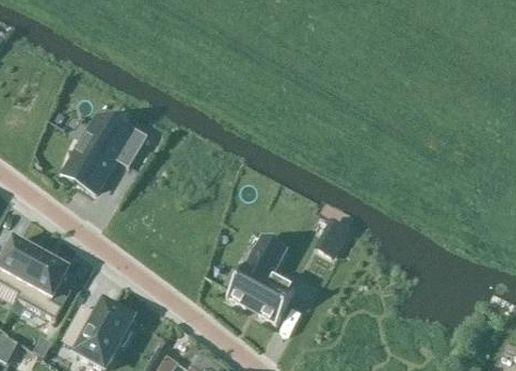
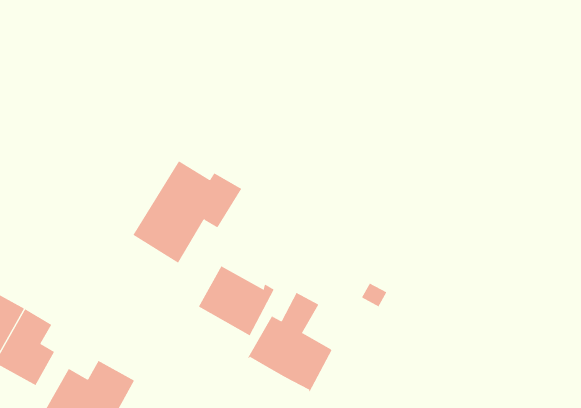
building: [60,112,148,195] -> [132,160,242,263]
building: none -> [198,266,275,336]

